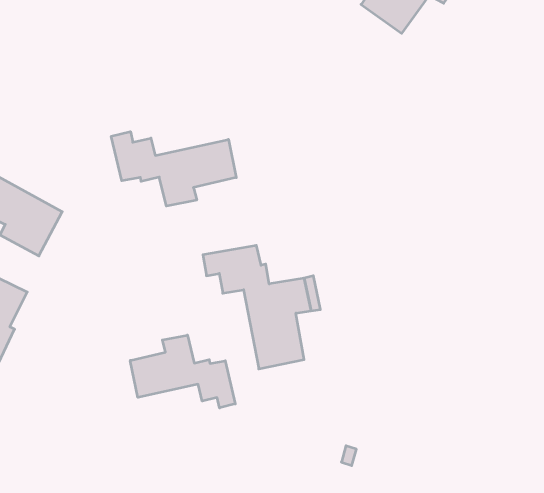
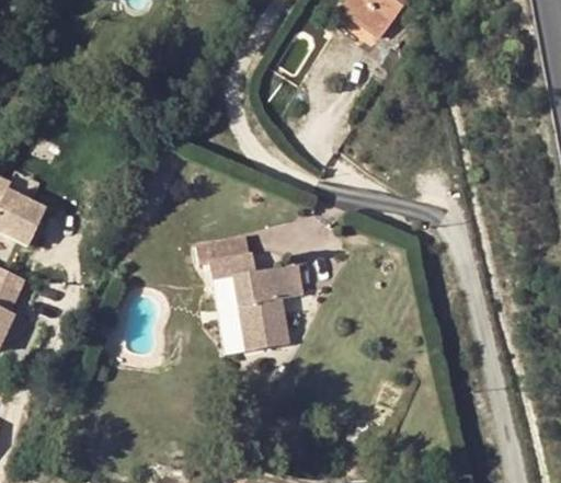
building: [111,132,236,206] -> none
building: [130,335,235,408] -> none

